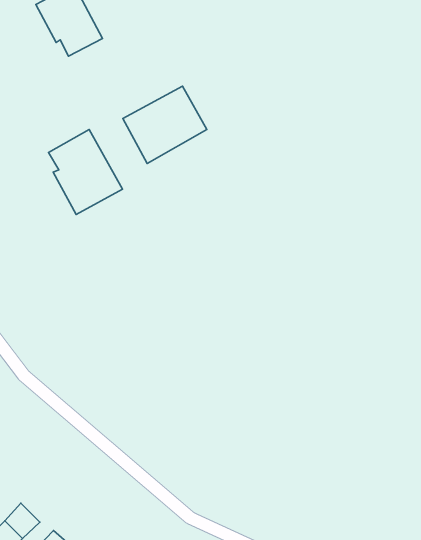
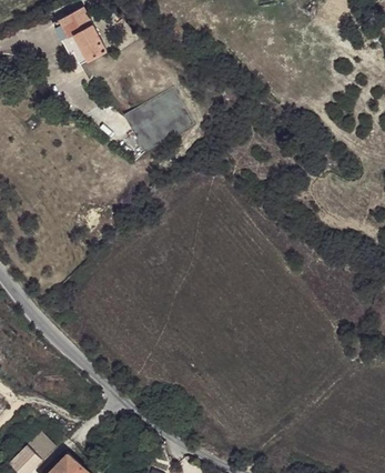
building: [49,130,122,214] -> none

